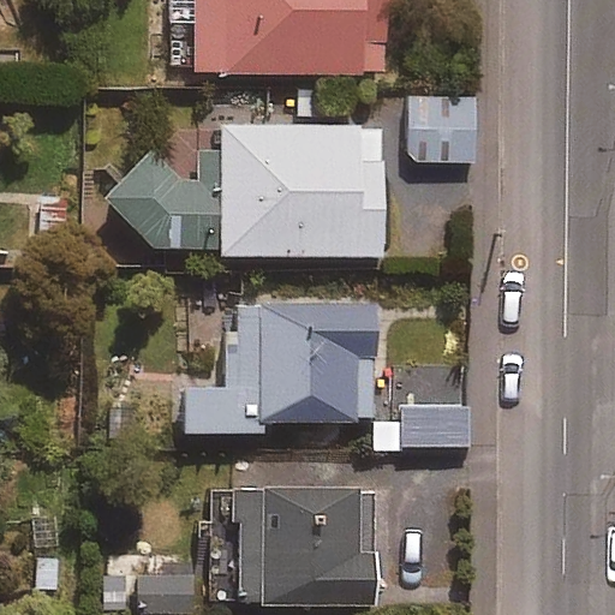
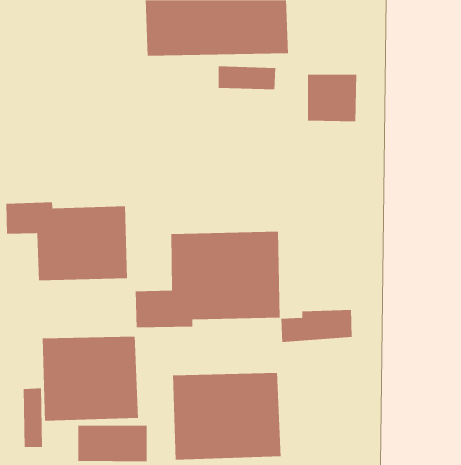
building: [101,126,383,257] -> none
building: none -> [5,202,128,281]
building: none -> [42,336,139,421]

